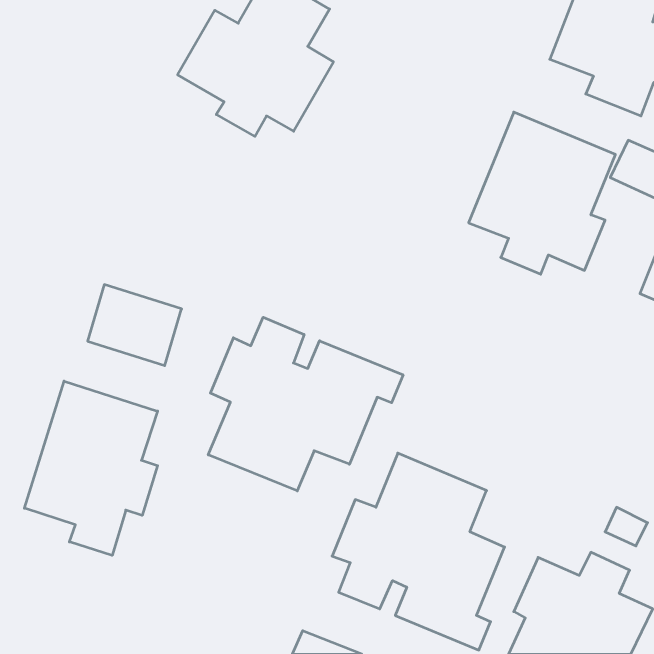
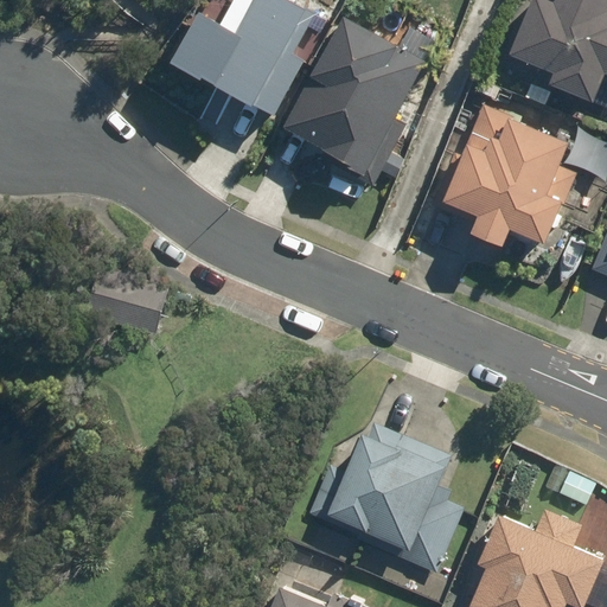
building: none -> [281,15,429,178]
building: [208,317,403,491] -> none
building: [24,381,158,555] -> none

